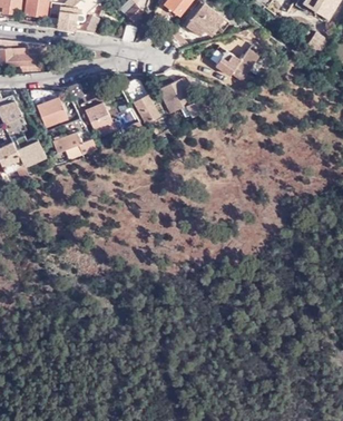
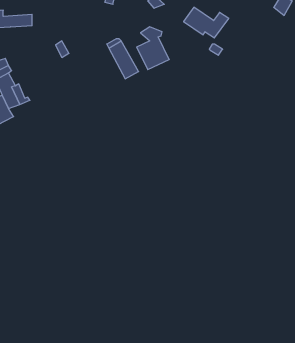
building: [32,94,67,126] -> none
building: [85,101,120,138] -> none
building: [52,133,97,160] -> none

